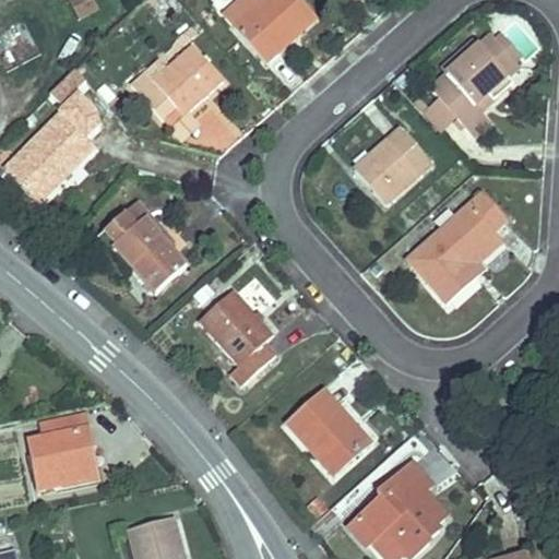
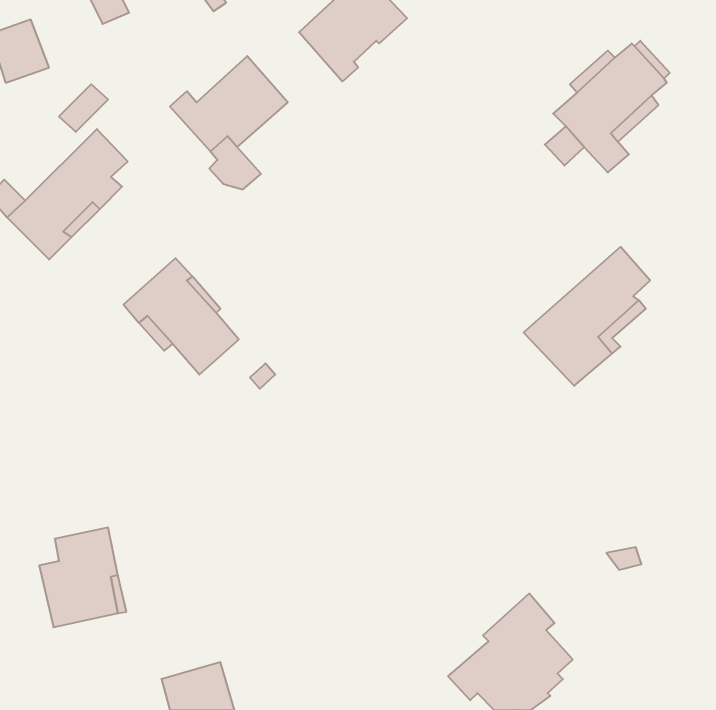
building: [354,127,431,203] -> none
building: [199,289,275,384] -> none
building: [288,392,368,473] -> none

